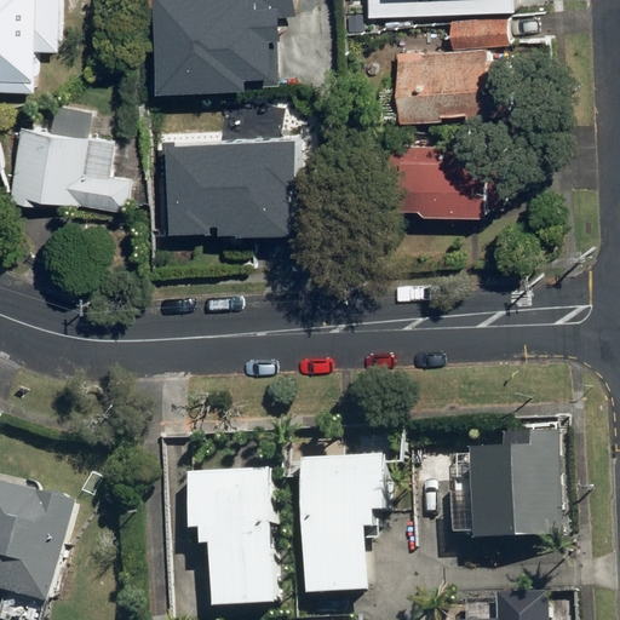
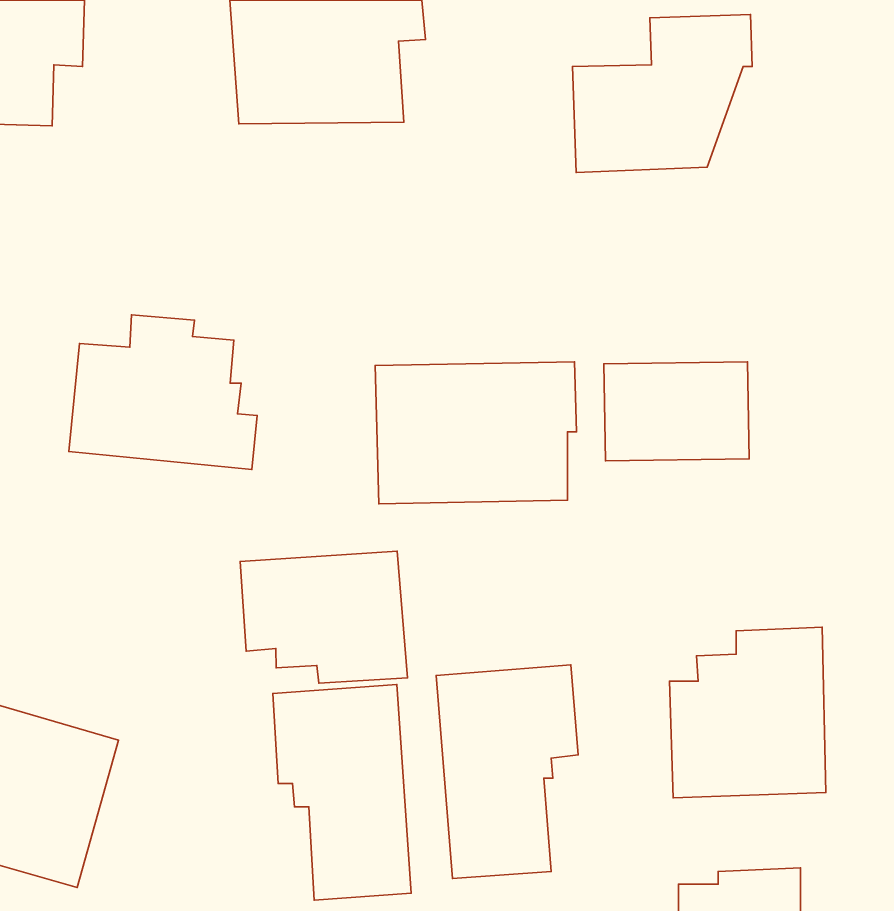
building: [5,107,132,211] -> [69,315,257,469]
building: [168,133,304,229] -> [375,362,576,504]
building: [392,149,490,216] -> [604,362,749,461]
building: none -> [240,551,407,683]

